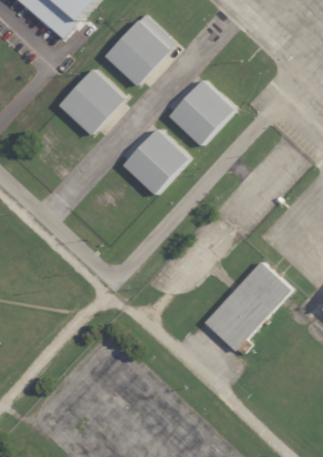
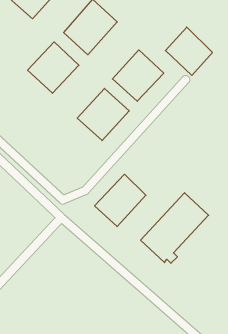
building: none -> [165,27,212,75]
building: none -> [95,174,146,227]

